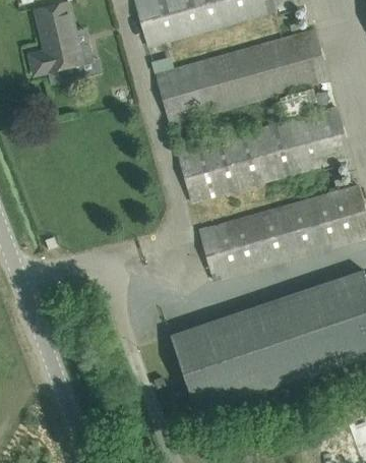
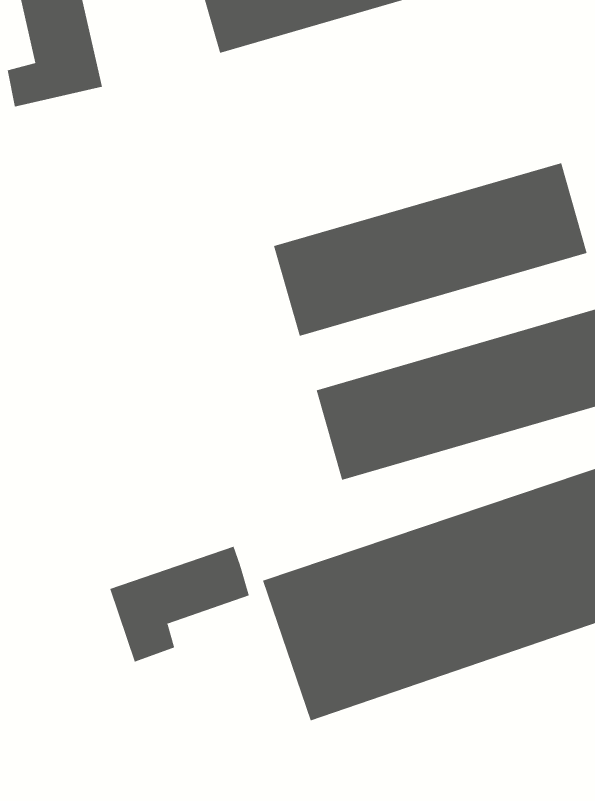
building: [156,28,327,124] -> none
building: none -> [109,546,250,662]

